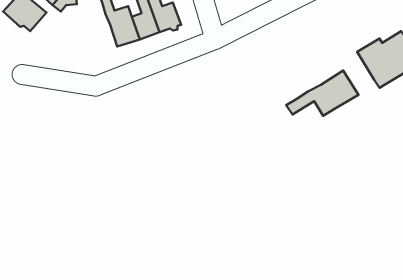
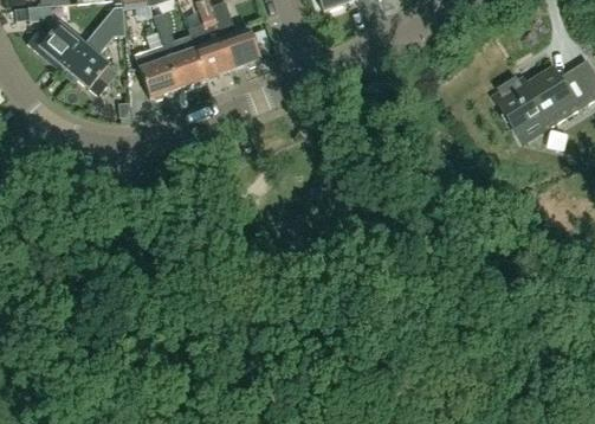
building: none -> [63,32,109,95]
building: none -> [140,58,177,98]
building: [286,71,359,116] -> none

